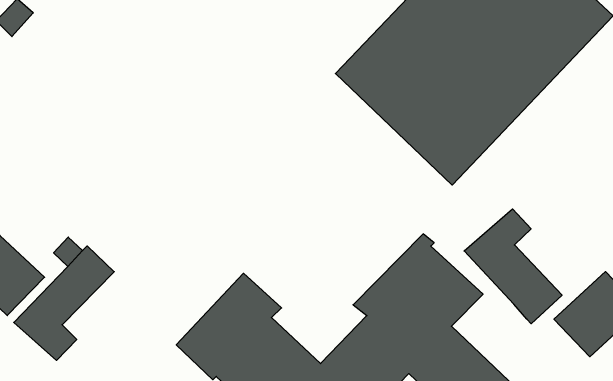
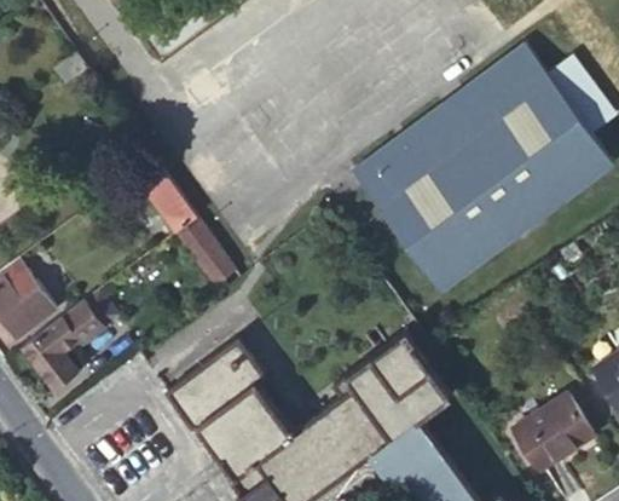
building: none -> [133,161,197,235]
building: none -> [179,223,239,288]
building: [464,209,562,324] -> none

